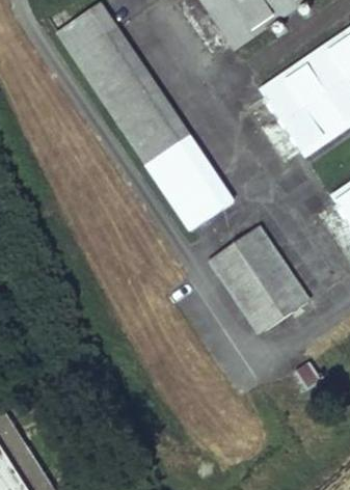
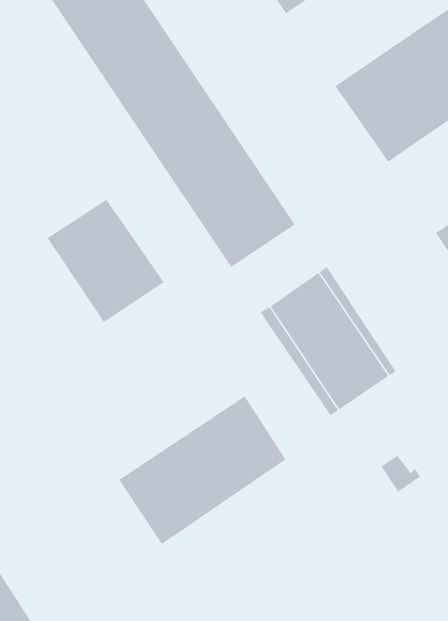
building: none -> [47,199,165,323]
building: none -> [119,395,286,545]

